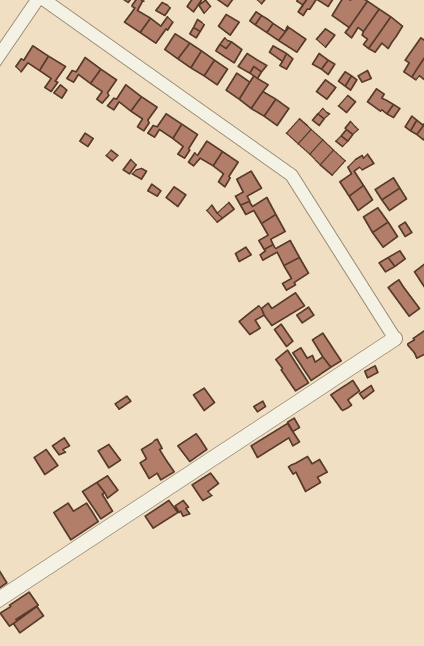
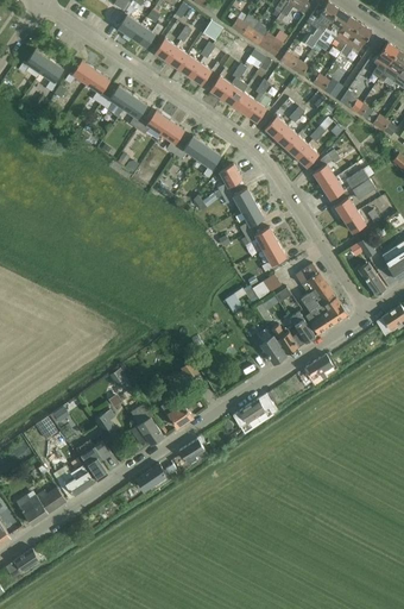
building: none -> [295,264,348,334]
building: [289,456,327,491] -> none
building: none -> [15,488,67,525]

